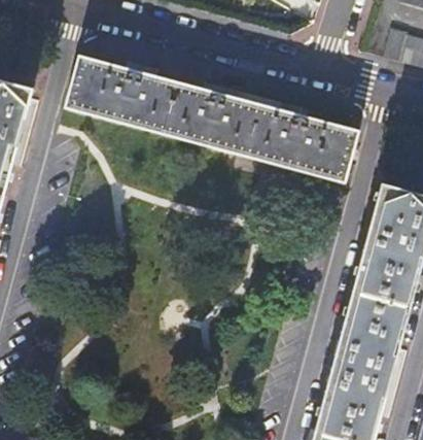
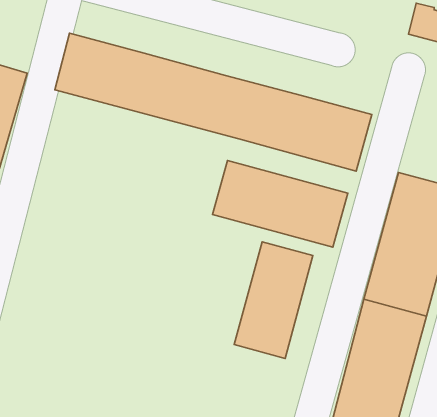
building: none -> [212,160,348,247]
building: none -> [234,242,313,358]

